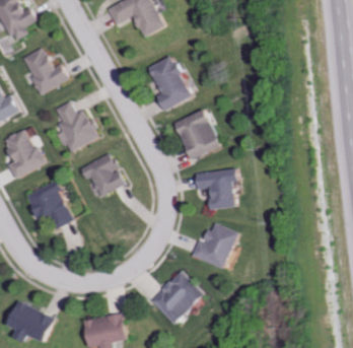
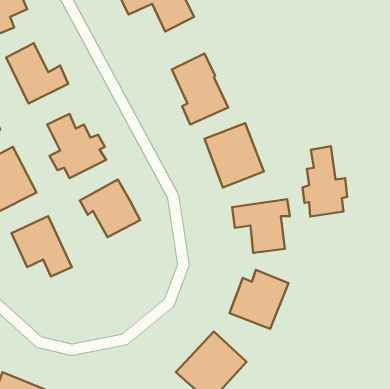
building: none -> [303,146,347,216]

